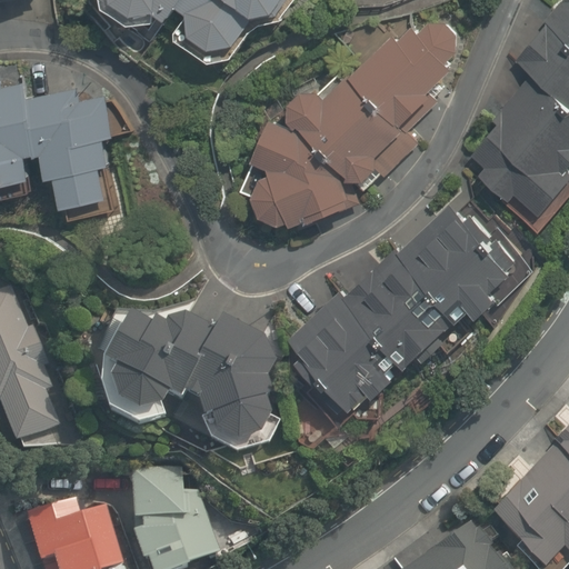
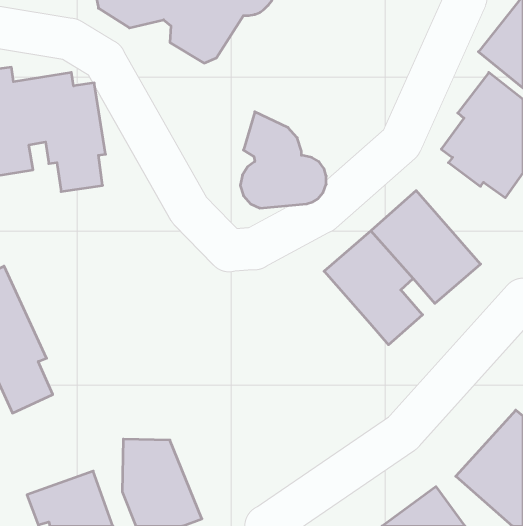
building: [293,19,462,191] -> none
building: [291,291,401,412] -> none
building: [108,312,269,448] -> none

